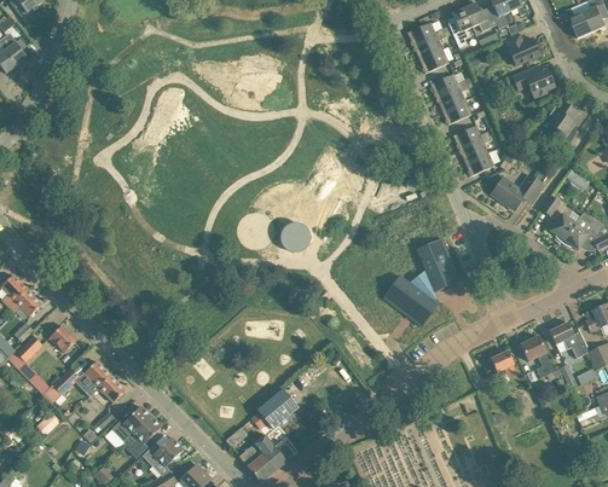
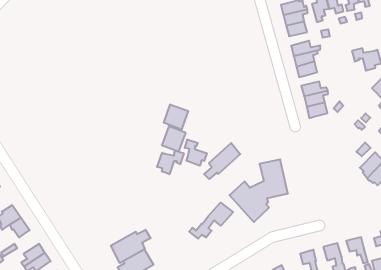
building: [505,34,540,65] -> none
building: [491,176,543,210] -> none
building: none -> [164,104,188,129]
building: none -> [204,143,240,179]
building: none -> [185,139,207,166]
building: none -> [157,151,184,174]
building: none -> [189,203,233,239]
building: none -> [111,230,151,263]

